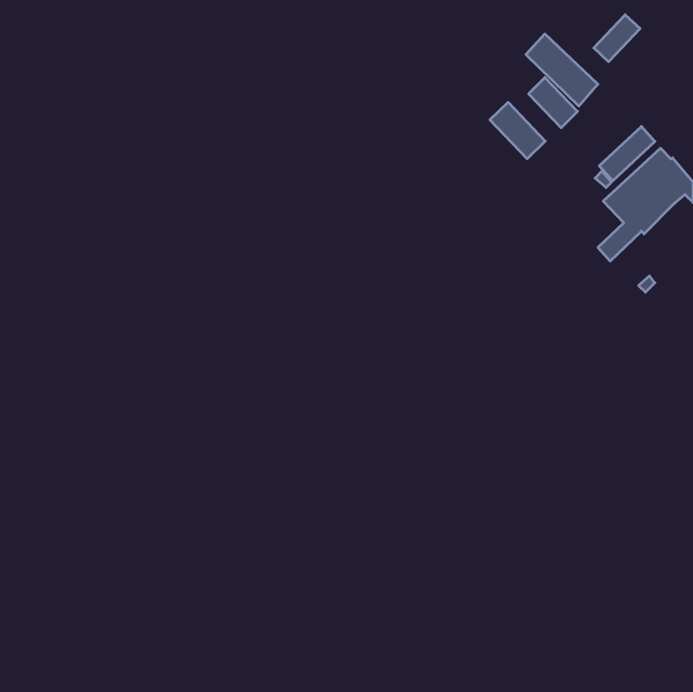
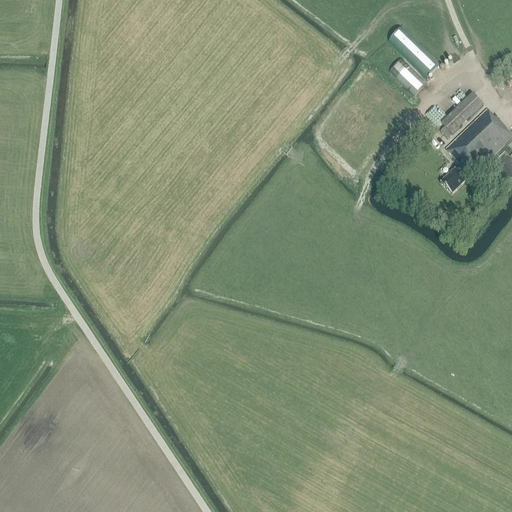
building: [594,15,640,62] -> none
building: [490,102,545,159] -> none

